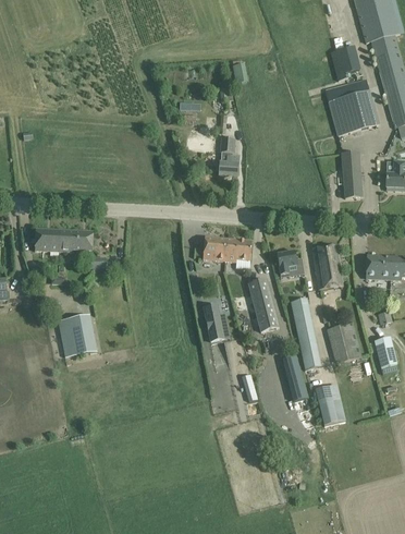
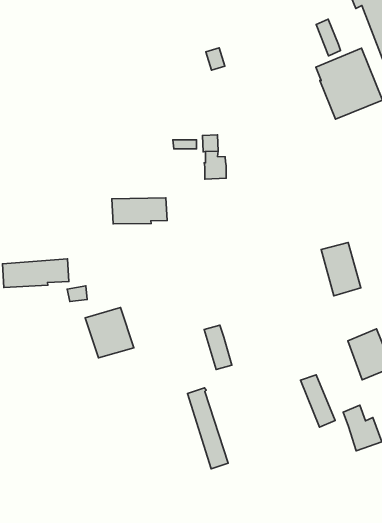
building: [342,153,361,197] -> none
building: [204,236,251,262] -> [112,198,167,224]
building: [277,251,304,277] -> none
building: [248,280,279,331] -> none
building: [292,298,320,368] -> [188,388,228,469]
building: [58,315,97,356] -> [85,308,134,358]

